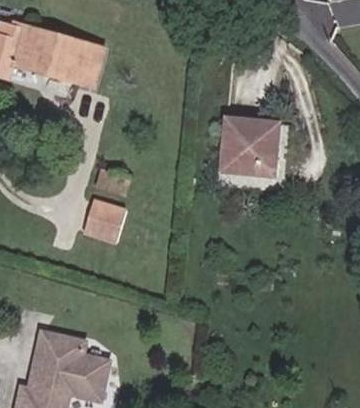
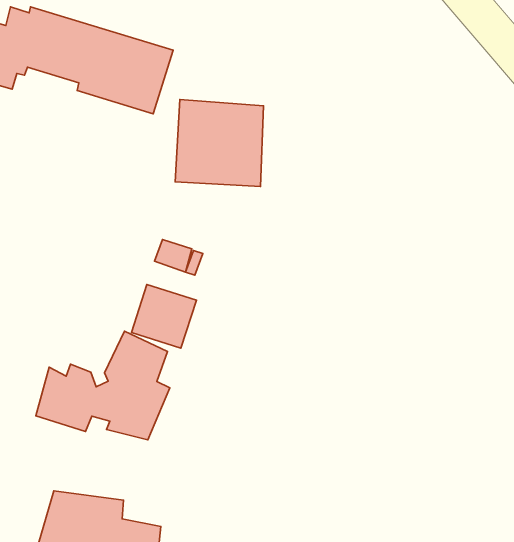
building: [221,116,278,172] -> [175,99,264,186]
building: none -> [36,331,170,440]

